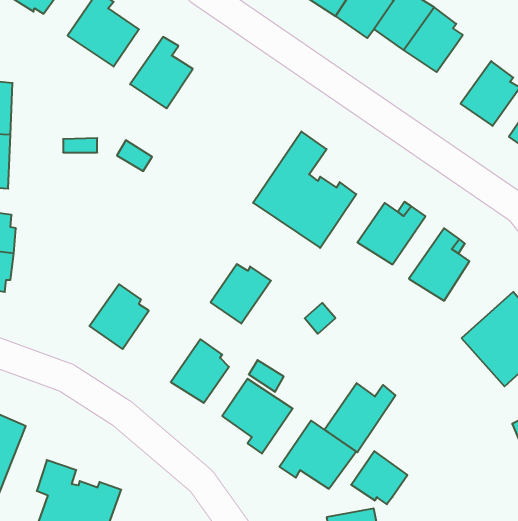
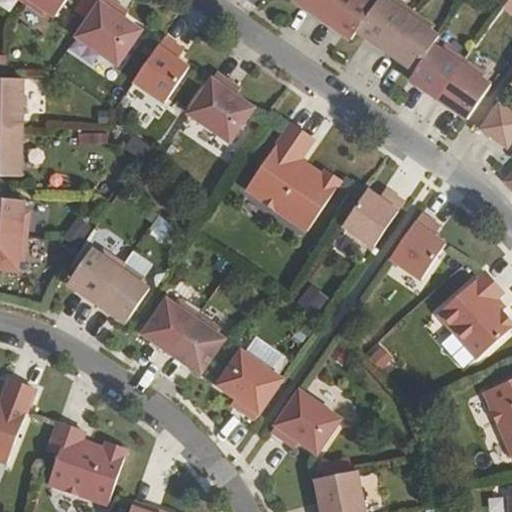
building: none -> [407,43,464,98]
building: none -> [186,72,253,140]
building: [211,264,271,324] -> [141,298,197,353]
building: none -> [67,247,122,301]
building: [325,383,395,452] -> none
building: [351,451,407,504] -> none

